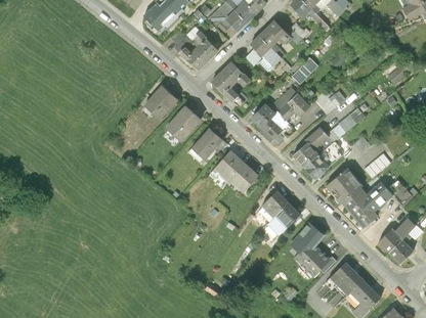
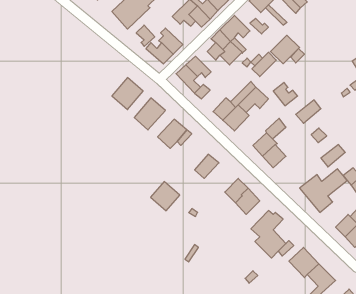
building: none -> [270,35,300,64]
building: [215,150,246,181] -> [151,182,180,211]
building: [327,167,363,201] -> none

